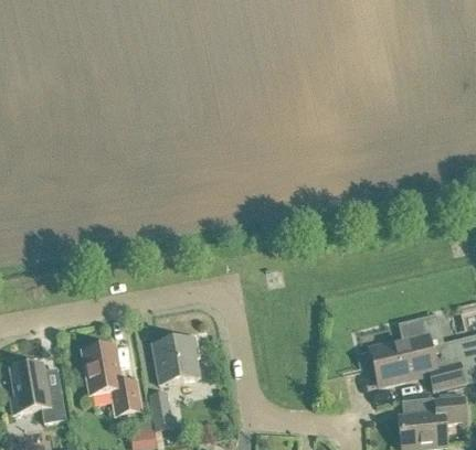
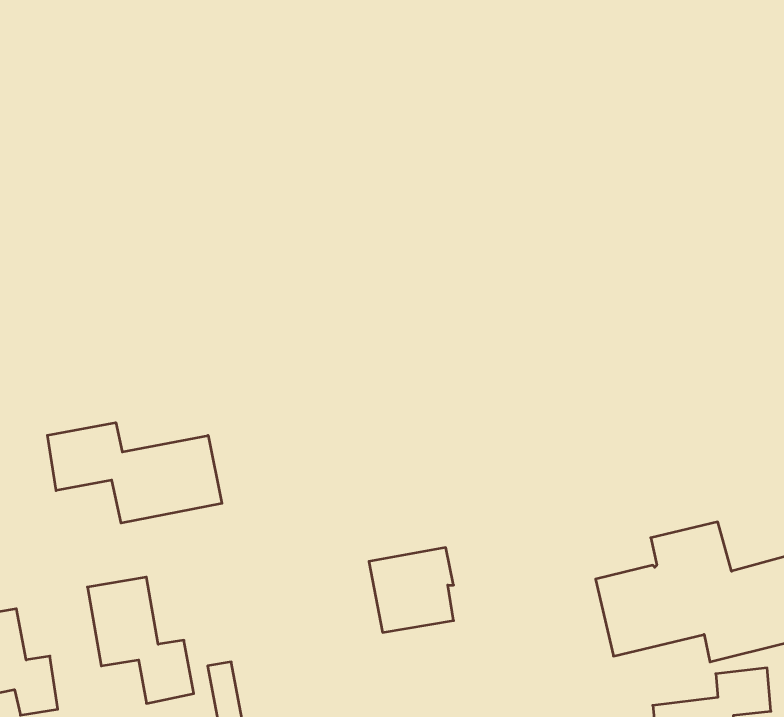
building: none -> [47,423,222,523]
building: [151,336,199,384] -> [369,548,454,632]

